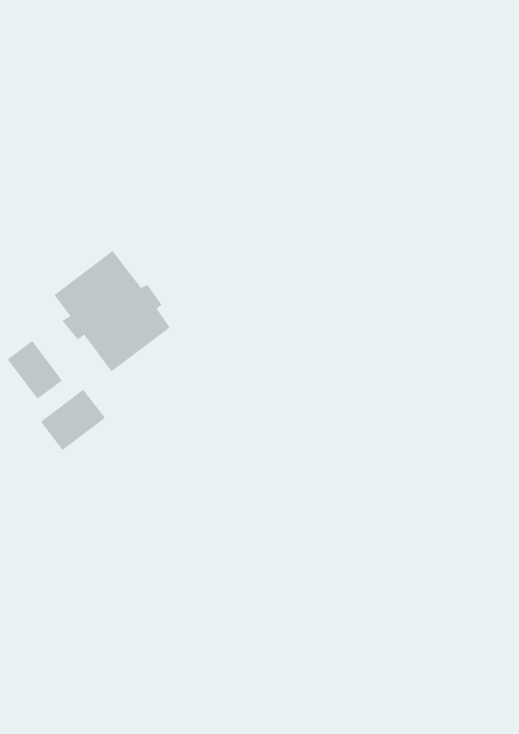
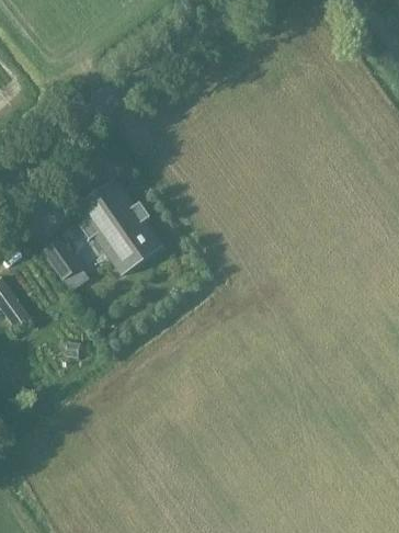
building: [40,389,106,451] -> none

